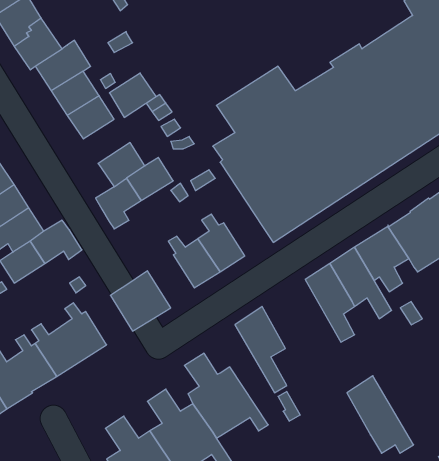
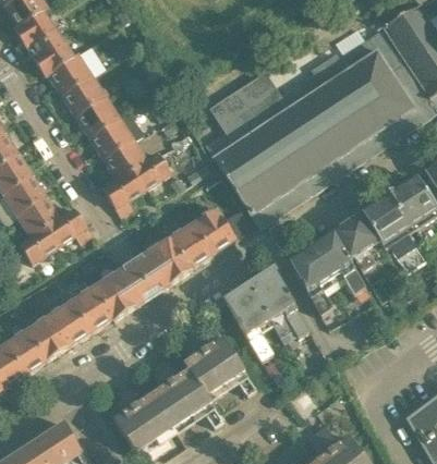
building: [109,73,156,117] -> [93,118,134,157]
building: none -> [143,235,193,284]
building: none -> [95,264,136,319]
building: [347,376,414,453] -> [251,268,309,337]

